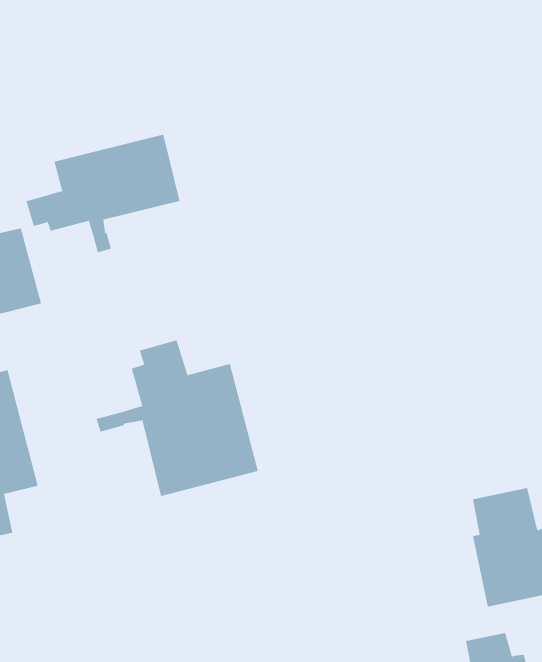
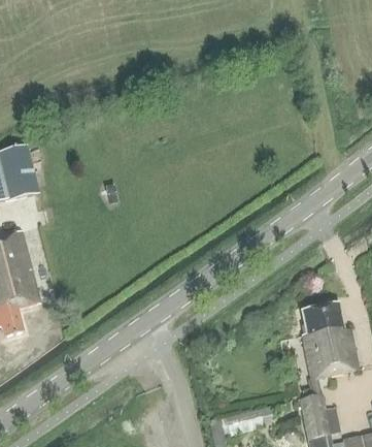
building: [26,134,180,253] -> none
building: [96,339,258,497] -> none

